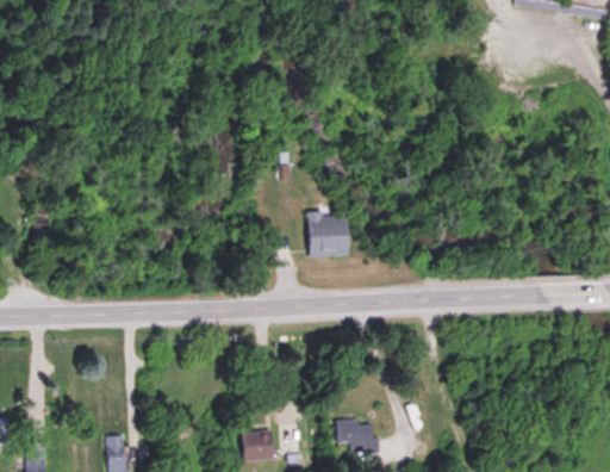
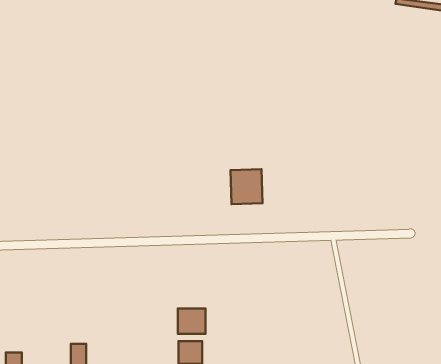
building: none -> [178,308,206,334]
building: [337,420,374,452] -> none

